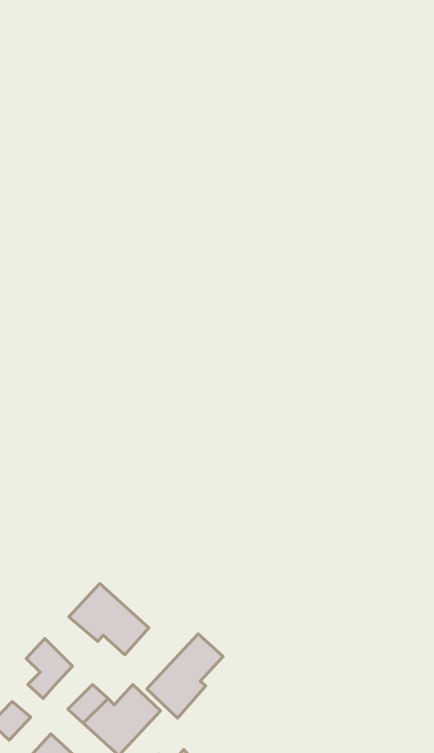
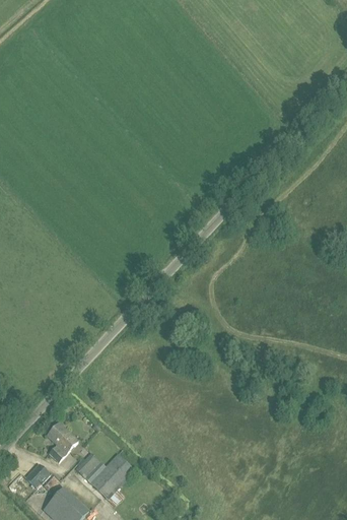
building: [69,583,149,655] -> none
building: [147,634,223,718] -> none

